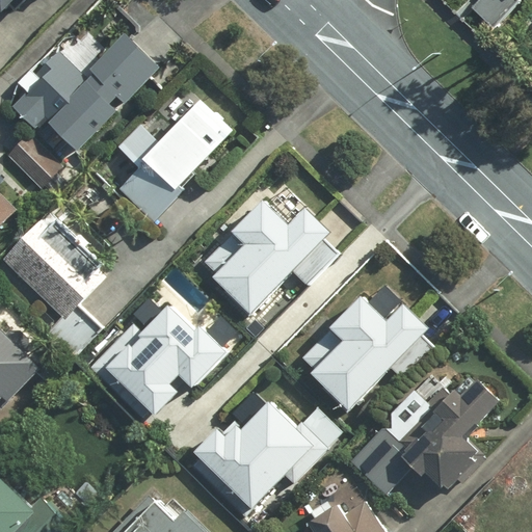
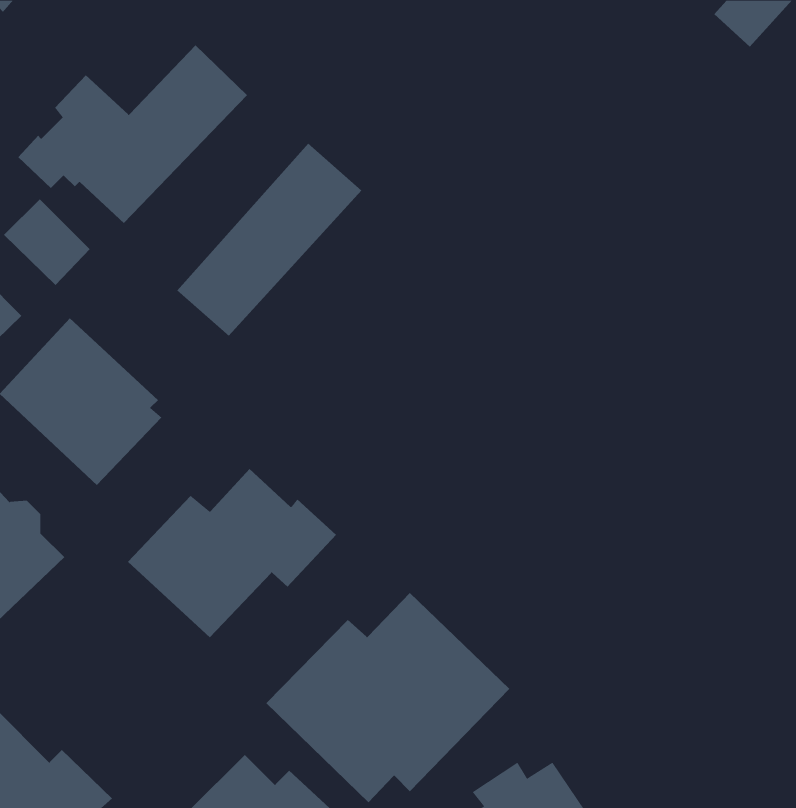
building: [203,197,334,318] -> none
building: [296,301,426,410] -> none
building: [346,375,505,495] -> none

